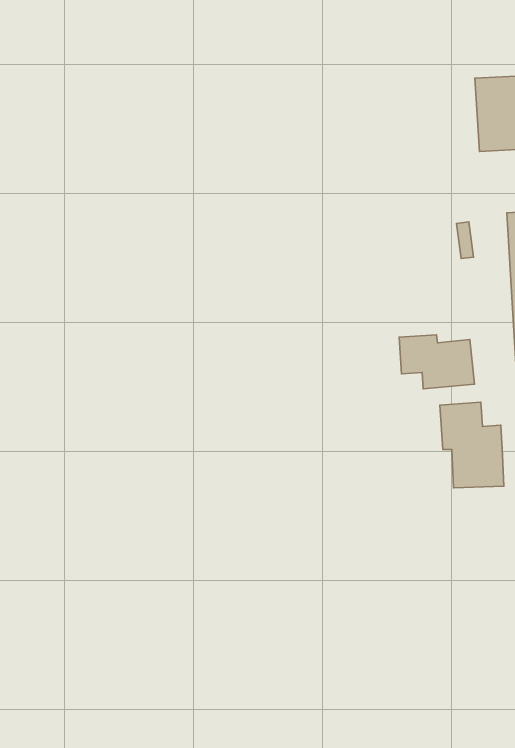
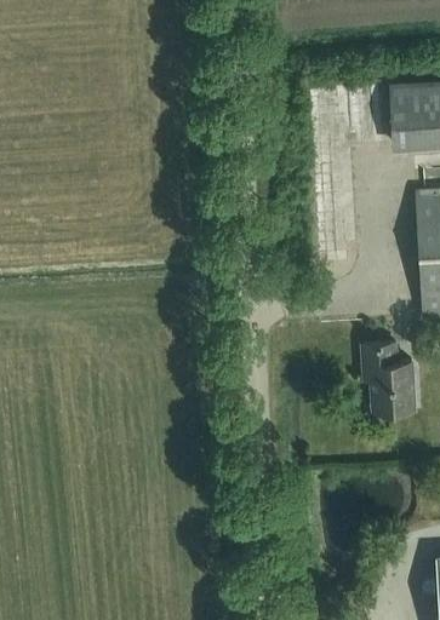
building: [399,335,474,389] -> none

